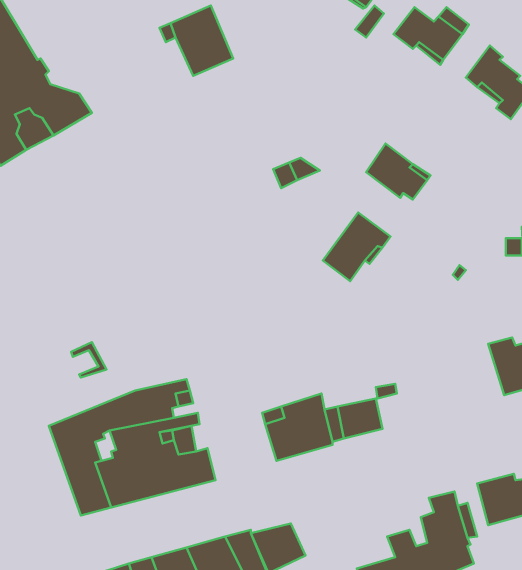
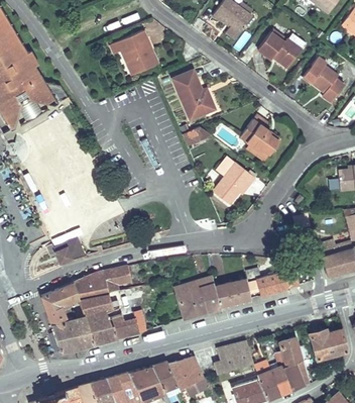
building: none -> [170,70,214,120]
building: none -> [256,269,300,295]
building: none -> [211,341,252,376]

